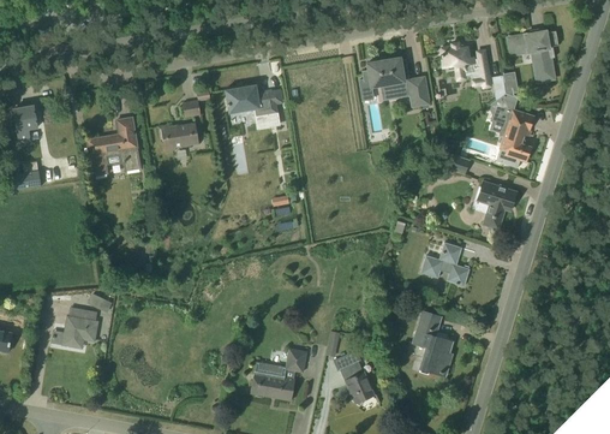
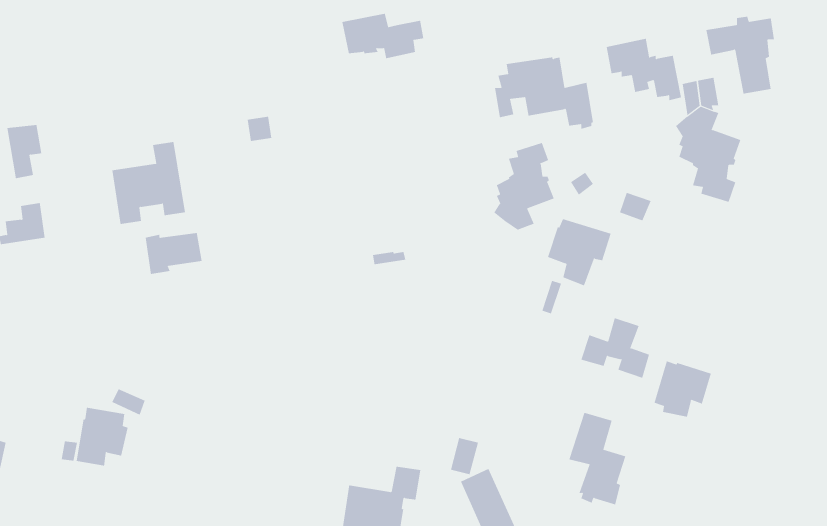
building: [225,83,283,115] -> [341,13,424,59]
building: none -> [494,142,554,231]
building: [159,121,199,151] -> [145,232,203,275]
building: [472,179,518,227] -> [547,218,611,286]
building: none -> [654,360,712,418]

